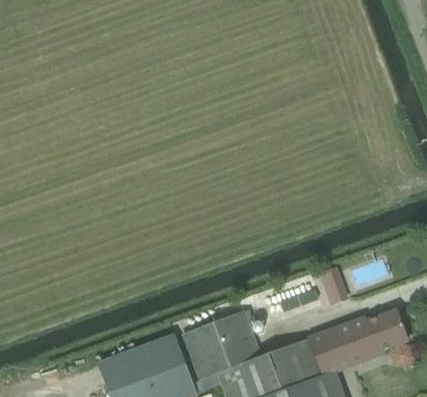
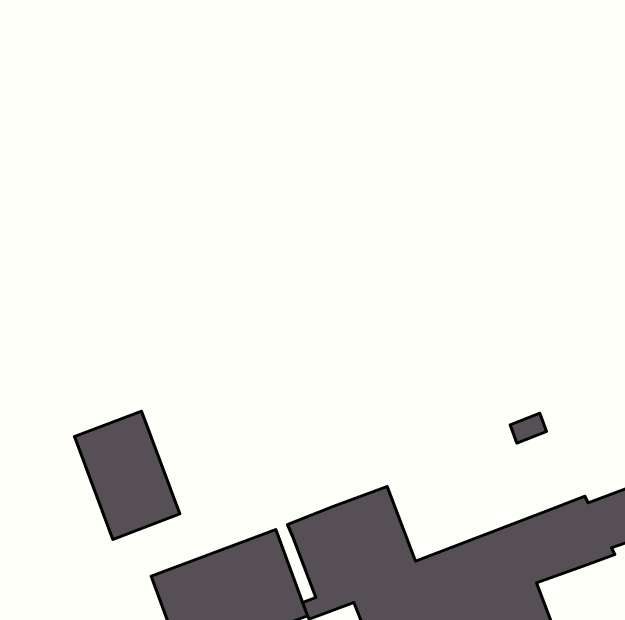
building: none -> [74,411,180,540]

